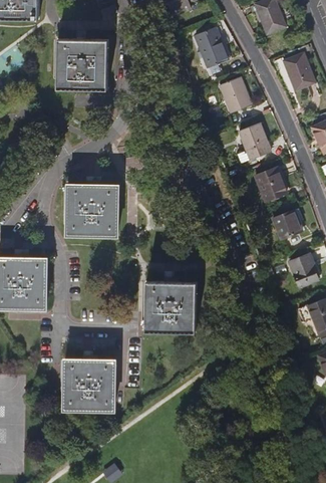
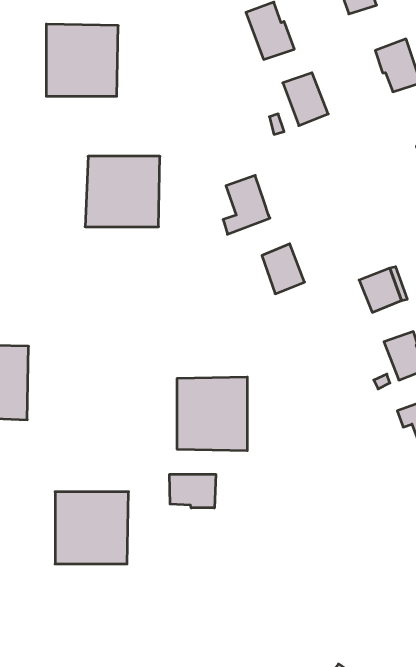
building: [238,122,270,162] -> [223,175,270,234]
building: [256,168,285,202] -> [262,244,305,294]
building: [66,188,117,236] -> [85,156,160,227]
building: none -> [170,474,216,508]

